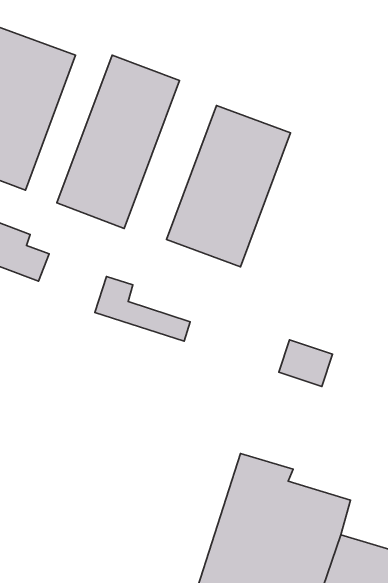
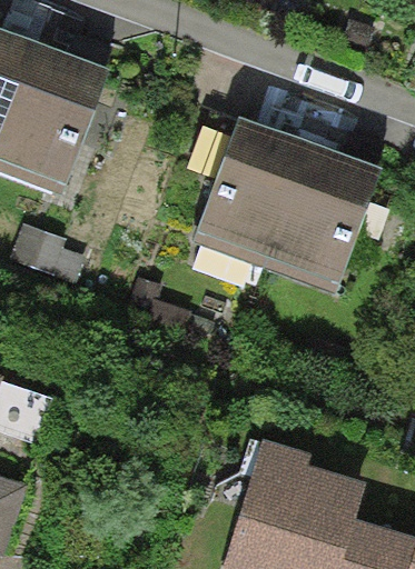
building: [57,55,180,228] -> none
building: none -> [261,143,382,296]

